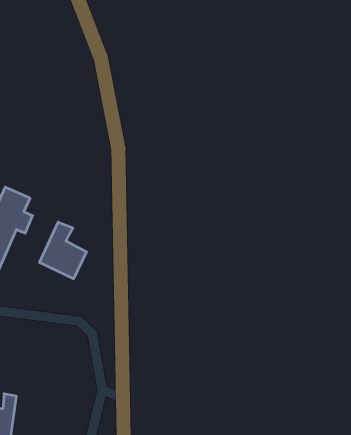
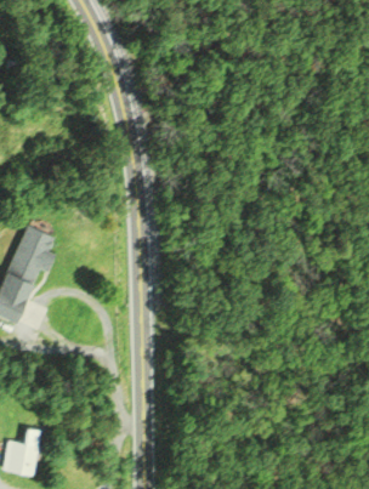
building: [40,222,87,279] -> none

